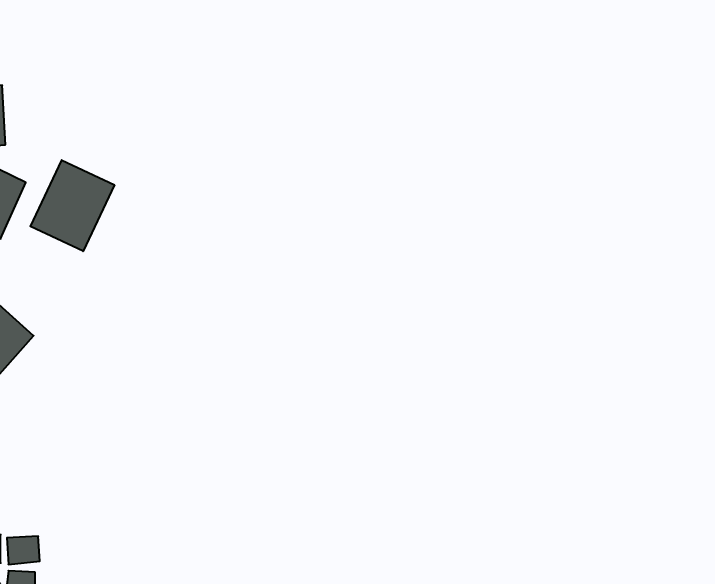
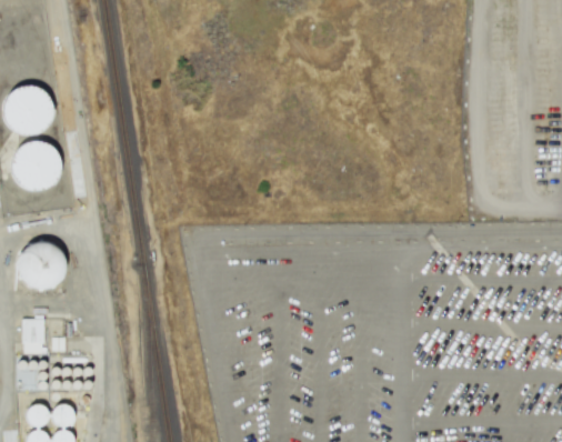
building: [30,160,114,251] -> none

